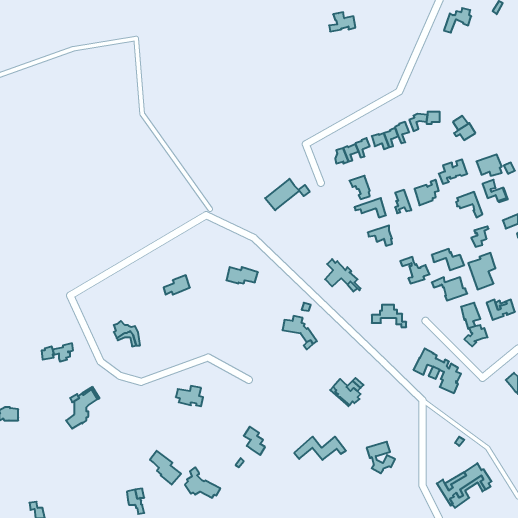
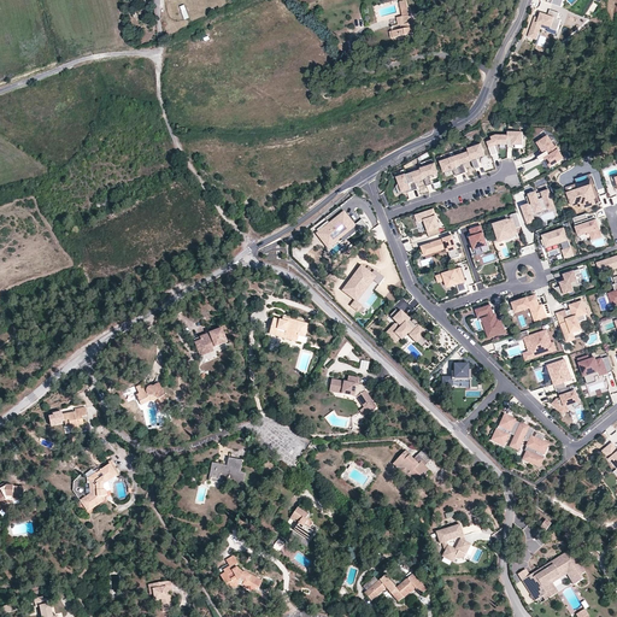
building: none -> [342,265,383,311]
building: [294,437,346,460] -> [364,572,425,600]
building: [150,451,181,485] -> none

